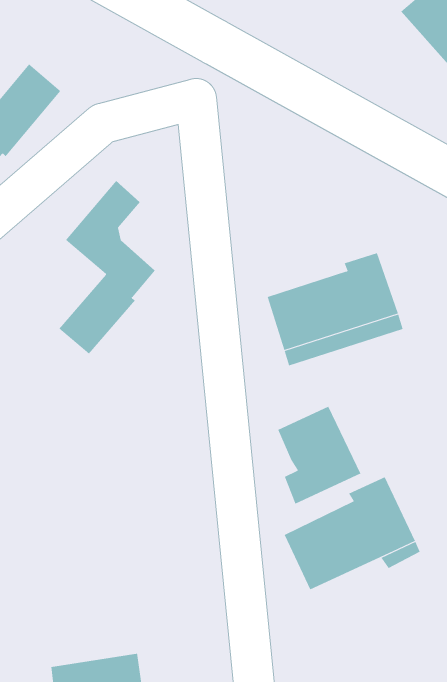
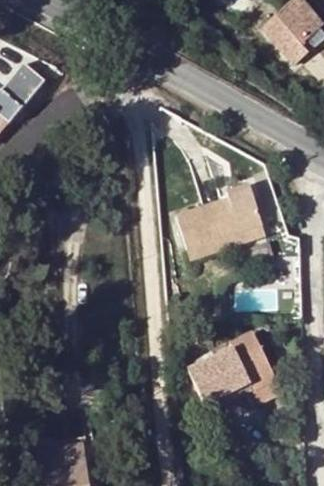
building: [58,180,155,354] -> none
building: [277,406,361,505] -> none

